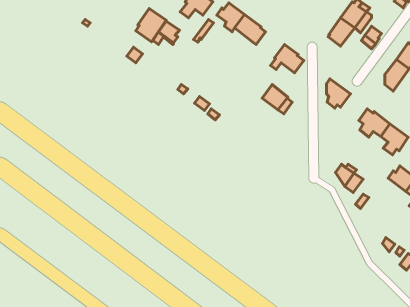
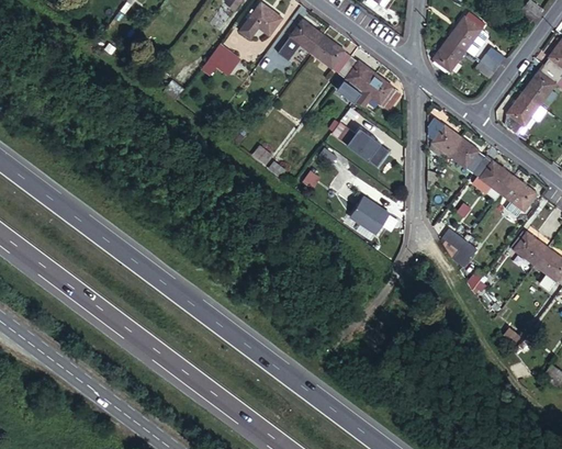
building: [136,8,166,42] -> none
building: none -> [338,57,375,93]
building: none -> [449,138,484,173]
building: none -> [350,194,390,231]

